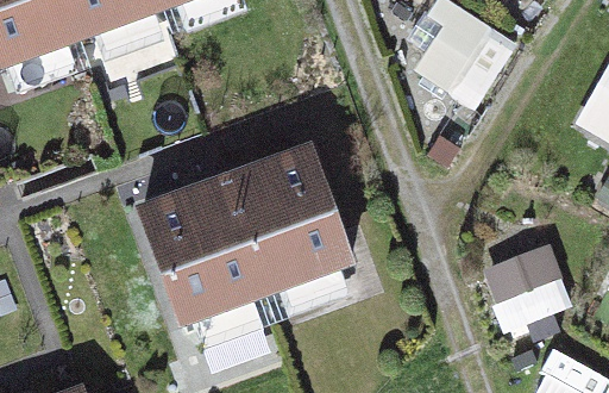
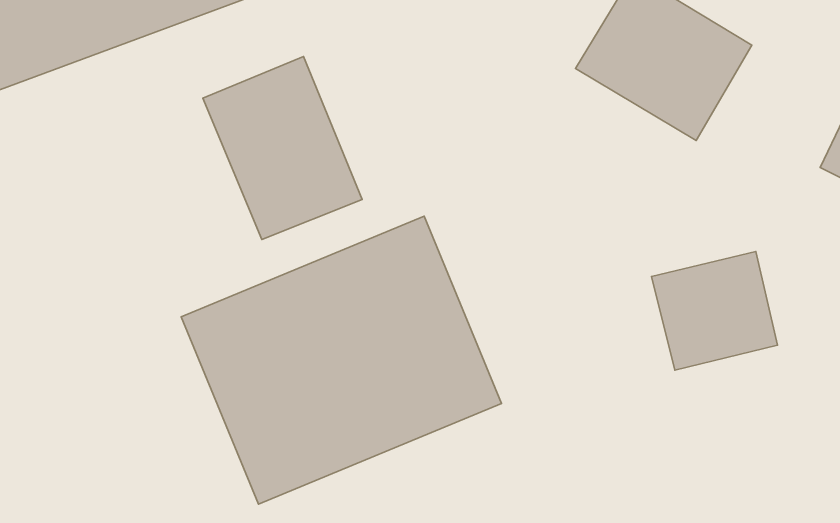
building: none -> [203,56,362,239]
building: [485,241,569,319] -> [652,251,778,370]

